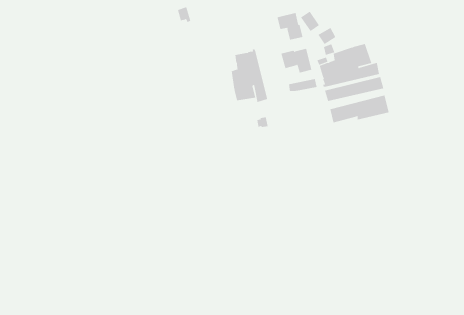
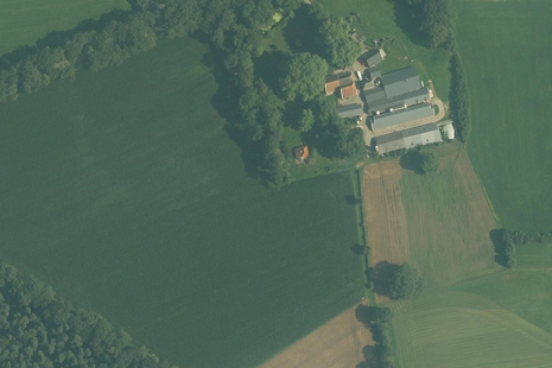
building: [277,12,303,40] -> none
building: [231,49,268,103] -> none

